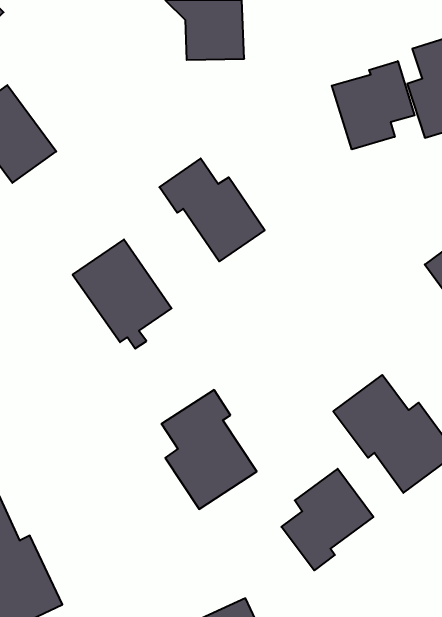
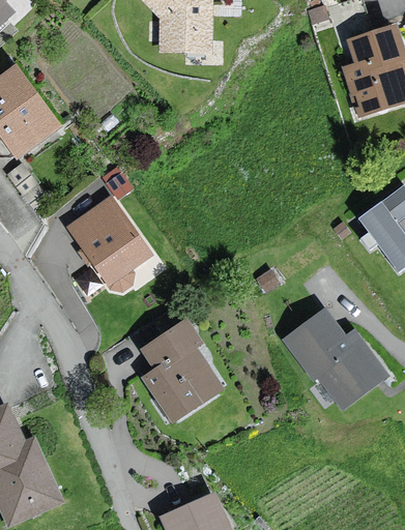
building: [332,61,415,149] -> none
building: [159,158,265,261] -> none
building: [281,469,373,570] -> none

